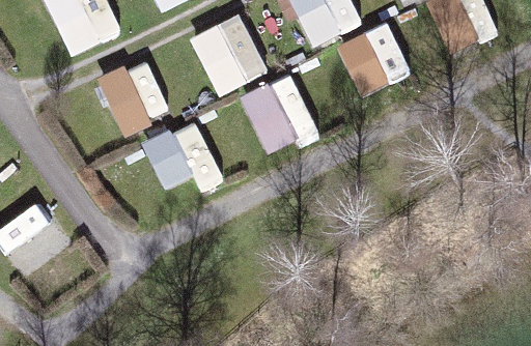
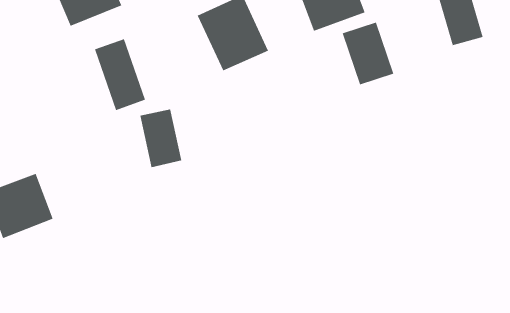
building: [242,75,316,154] -> none

